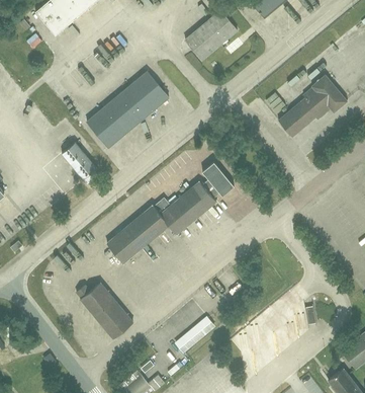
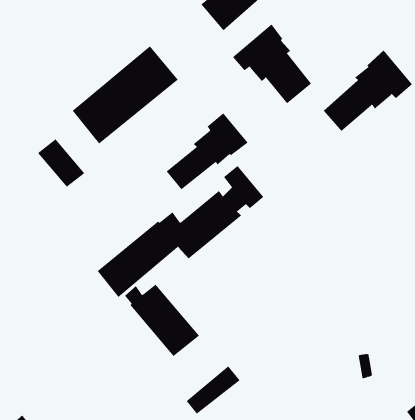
building: none -> [232,24,312,104]
building: none -> [166,112,248,190]
building: [76,284,133,339] -> [124,284,200,357]

